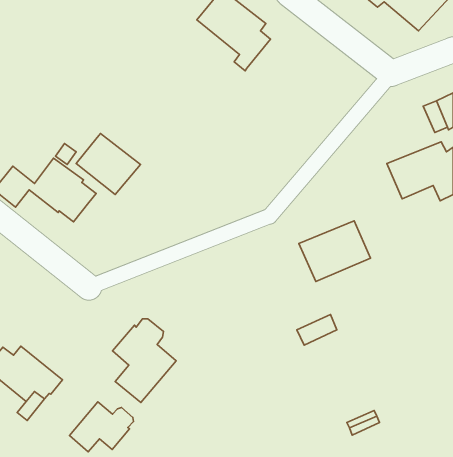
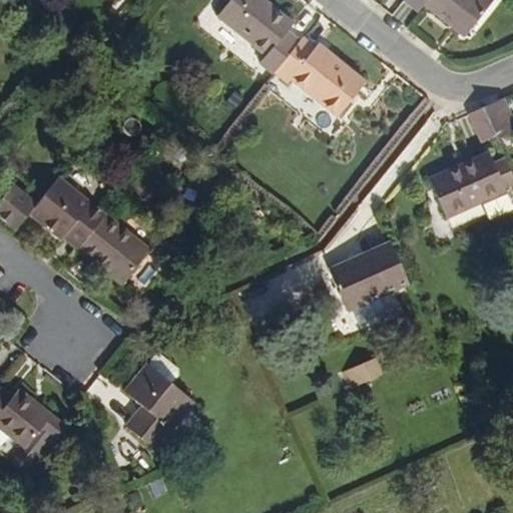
building: none -> [273,40,365,119]
building: [76,134,141,194] -> [81,211,152,279]
building: [69,402,133,452] -> none

